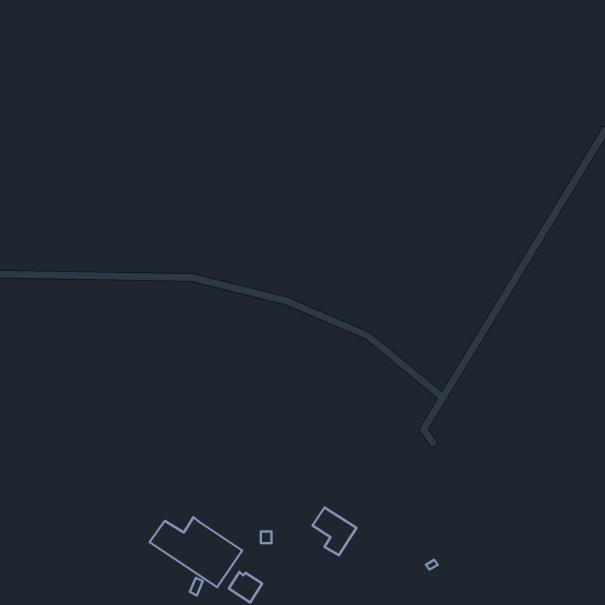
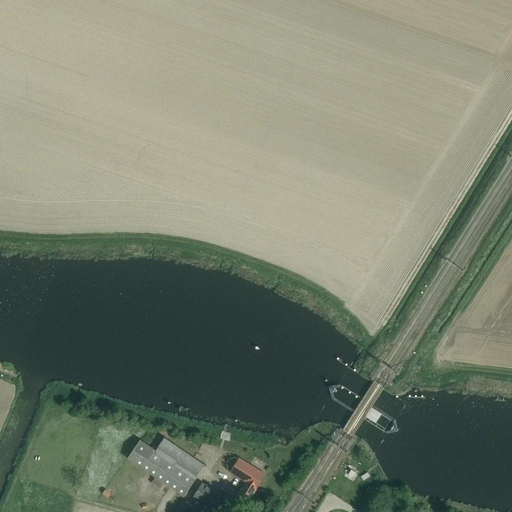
building: [313,508,356,555] -> [230,456,267,496]

